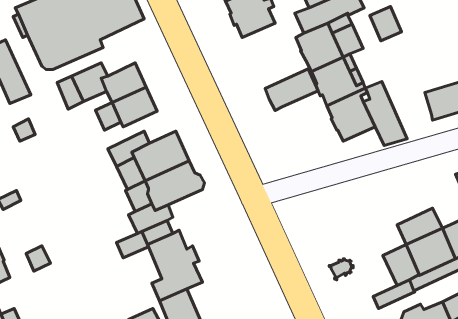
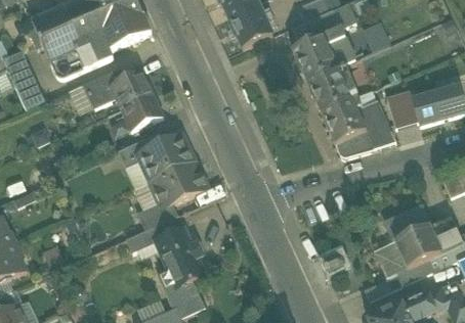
building: [265,69,318,111] -> none
building: none -> [387,88,419,126]
building: none -> [337,130,375,155]

